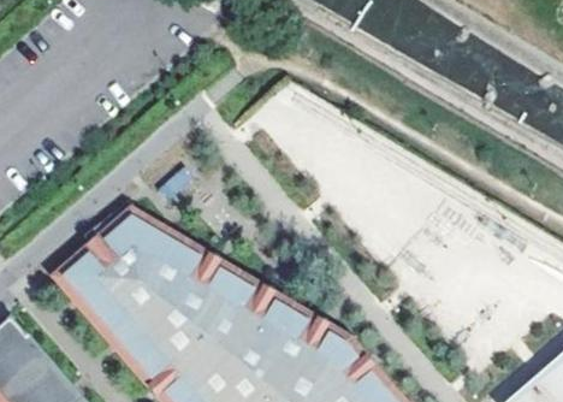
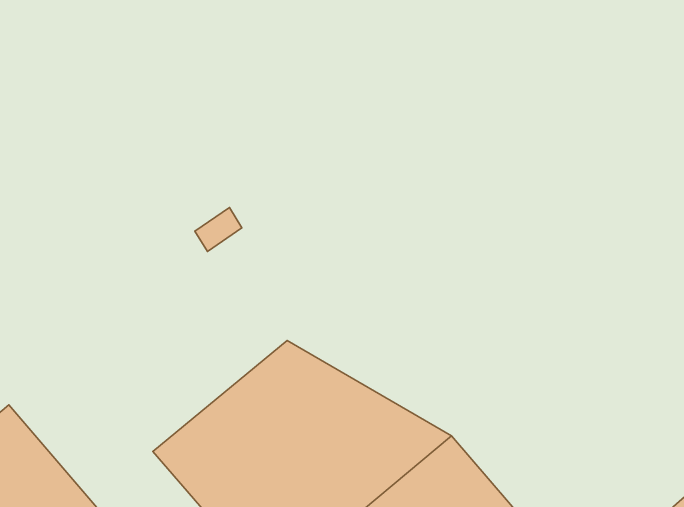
building: [57,213,225,354] -> none

